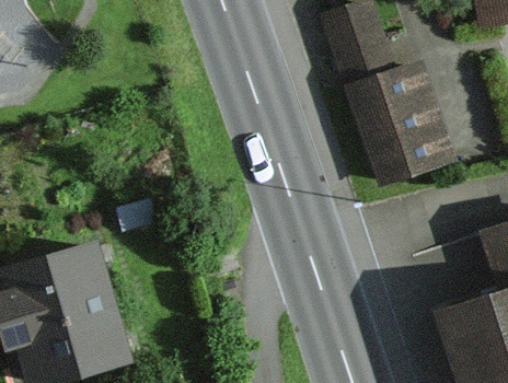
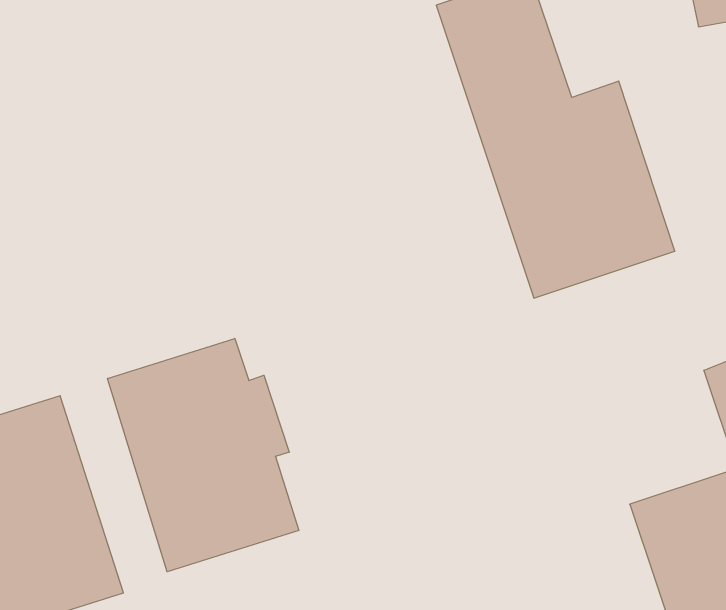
building: none -> [108,338,299,572]

